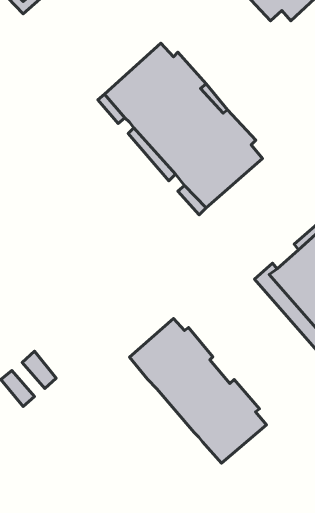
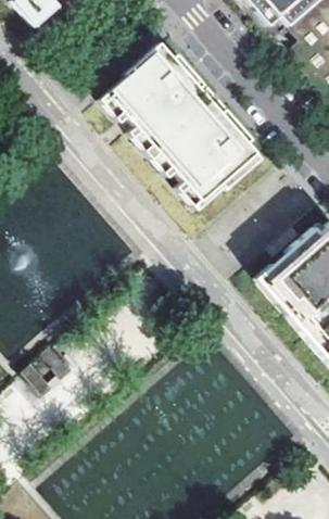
building: [129,319,266,463] -> none

